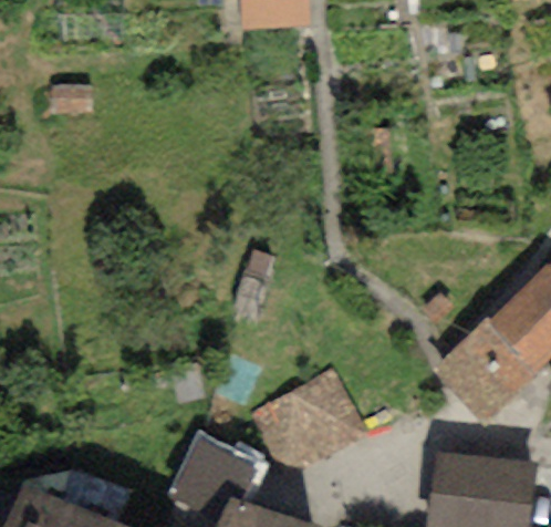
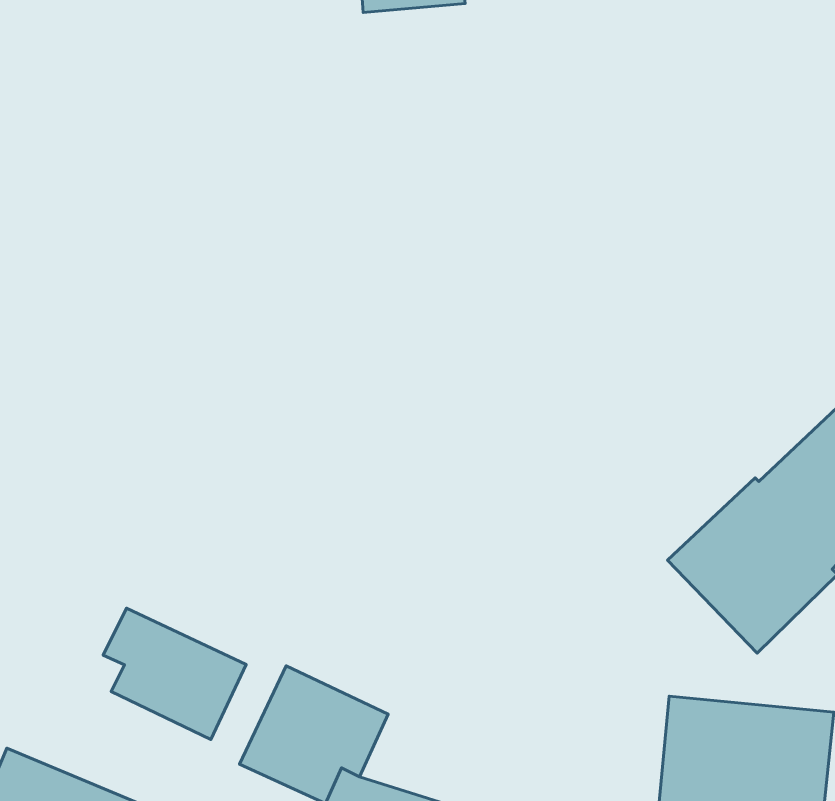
building: [252,369,370,479] -> none
building: none -> [103,608,246,739]

